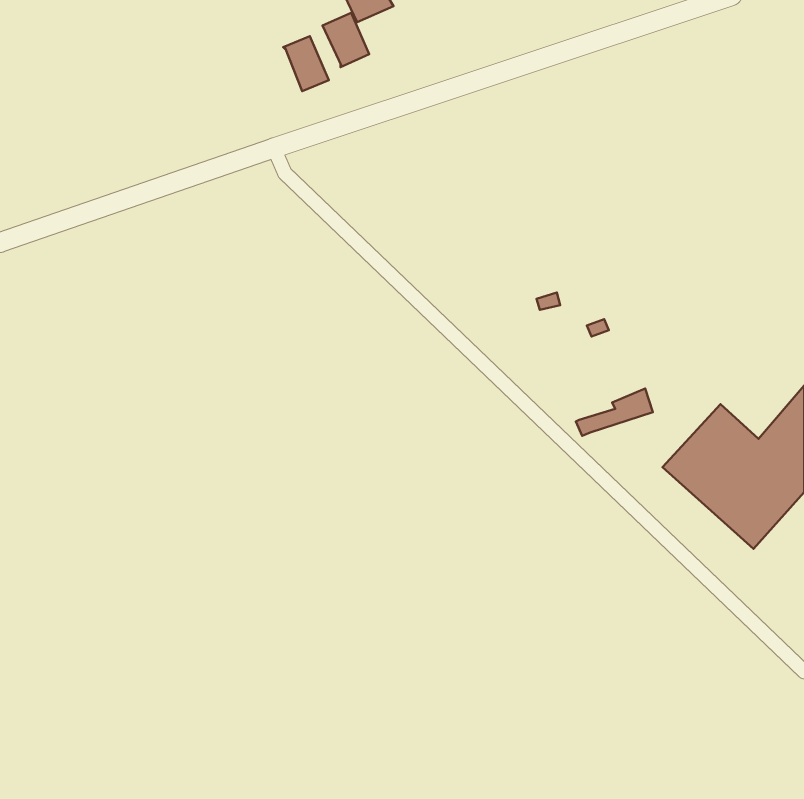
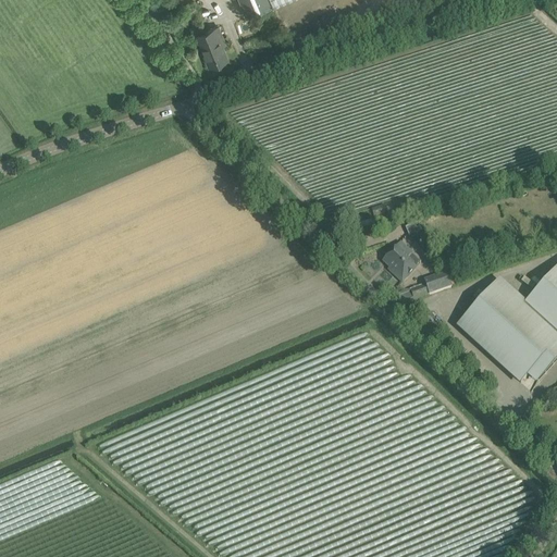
building: [323,13,369,67] -> none
building: none -> [382,240,420,281]

